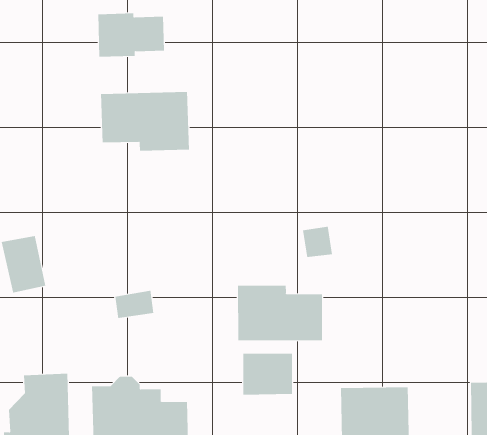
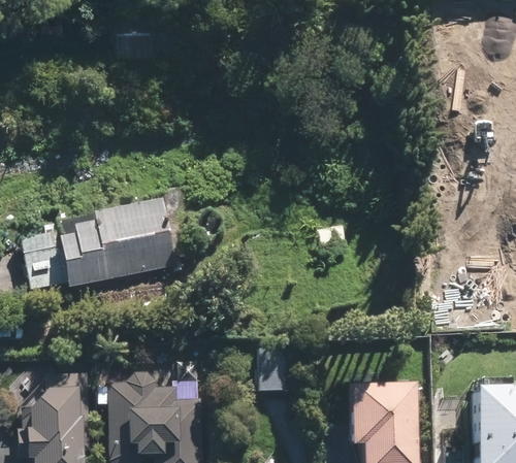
building: [101,91,189,152] -> none
building: none -> [56,201,172,289]
building: [237,285,322,341] -> none

